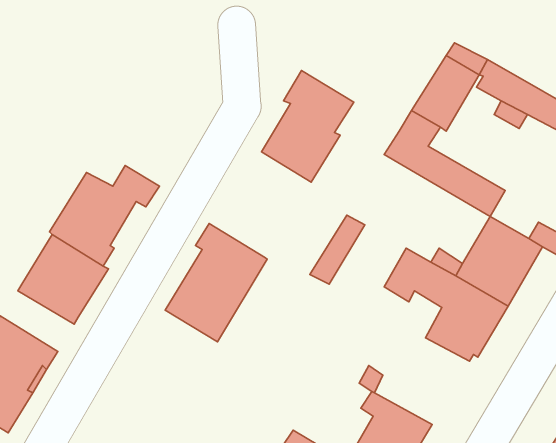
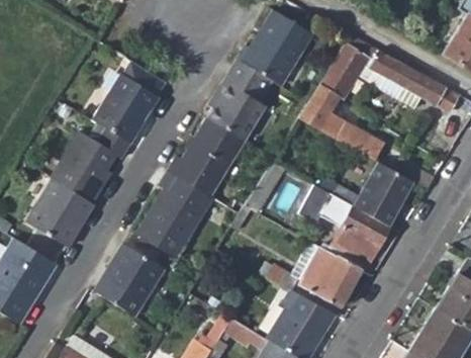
building: none -> [238,9,311,82]
building: none -> [94,60,165,141]
building: none -> [170,115,245,193]
building: none -> [96,241,170,316]
building: none -> [299,247,361,307]

